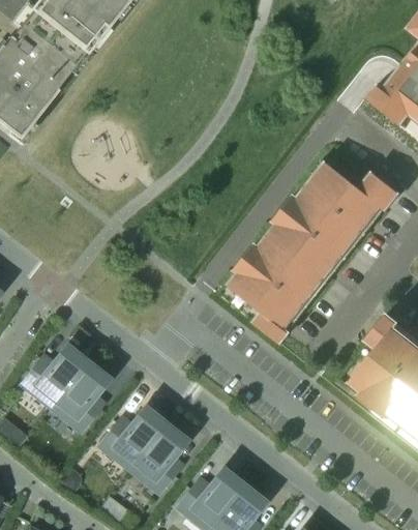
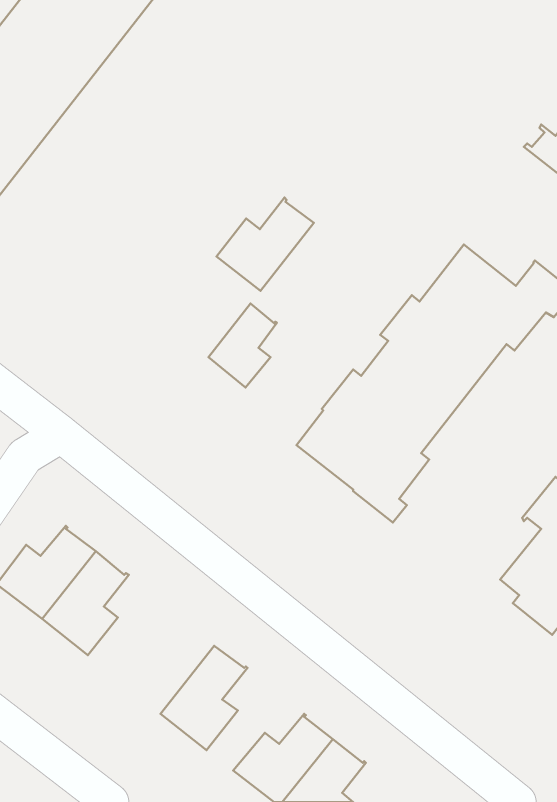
building: none -> [216,197,314,291]
building: none -> [208,303,277,387]
building: [100,406,166,468] -> none

